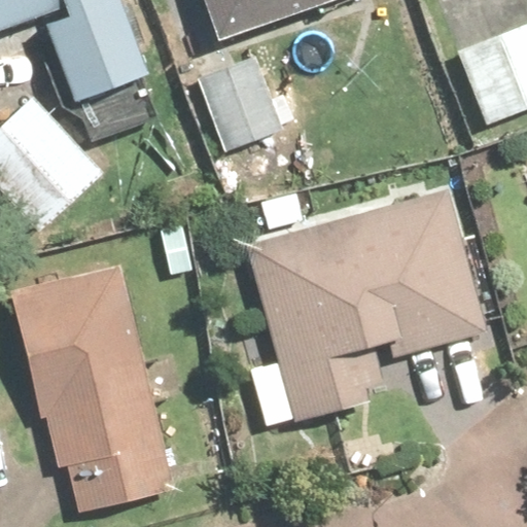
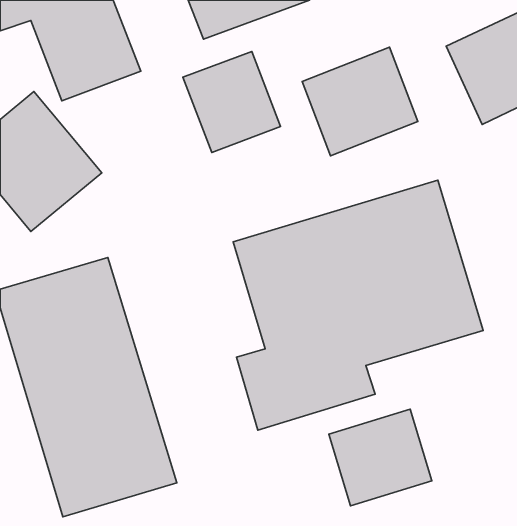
building: none -> [302,47,418,156]
building: none -> [329,409,432,506]

